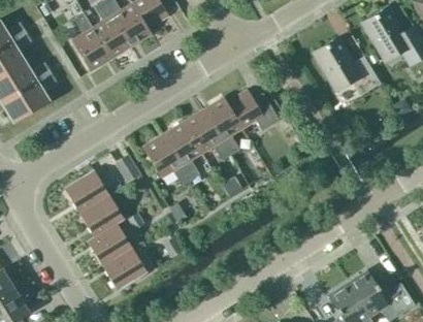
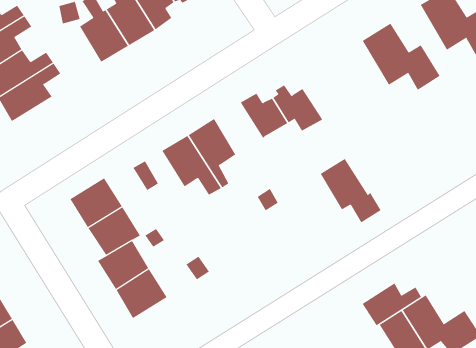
building: [188,105,240,161] -> [320,158,381,223]
building: none -> [362,283,422,326]

